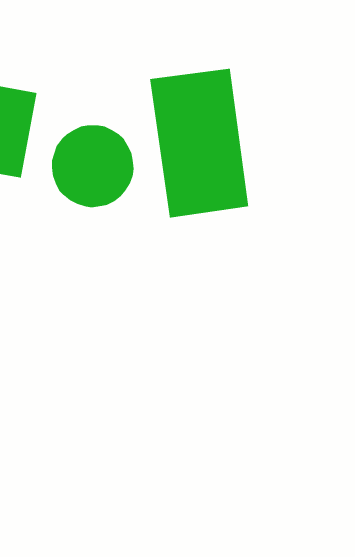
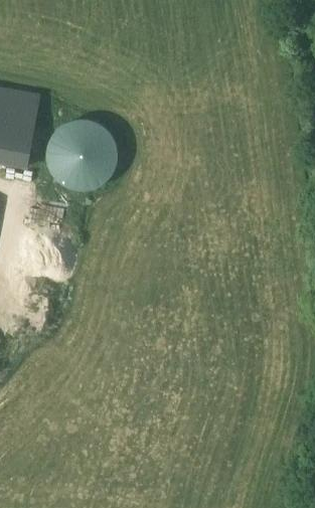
building: [149,68,249,219] -> none

